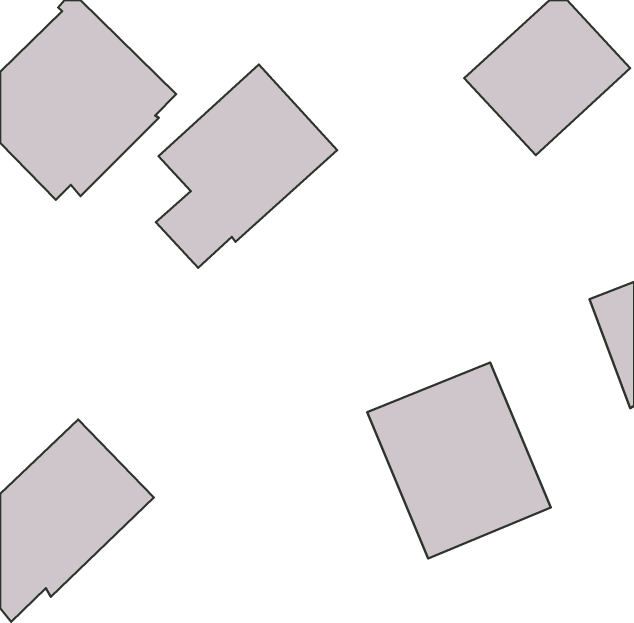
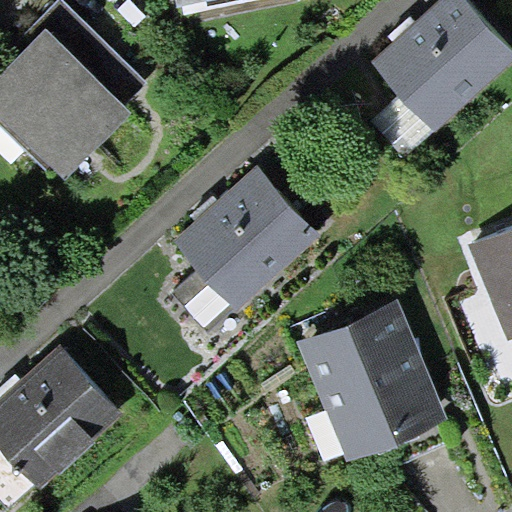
building: [156,64,337,268] -> [174,166,320,330]

